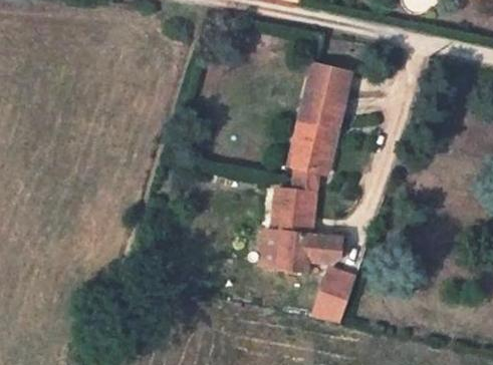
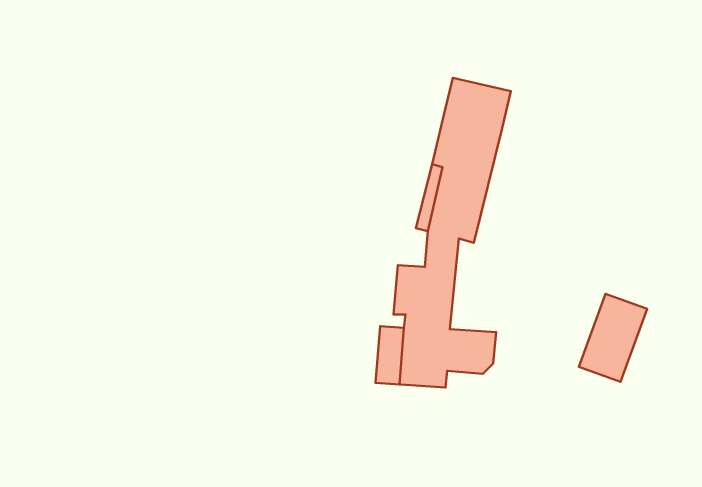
building: [312,266,358,325] -> [579,294,647,382]

